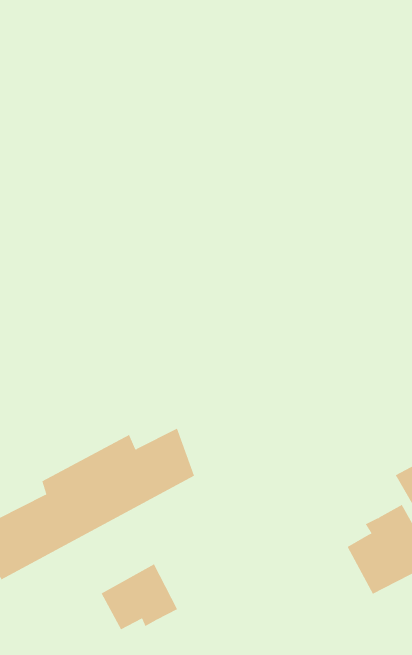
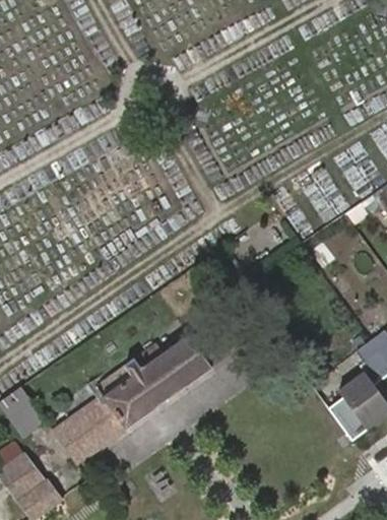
building: [101,563,178,630] -> none

